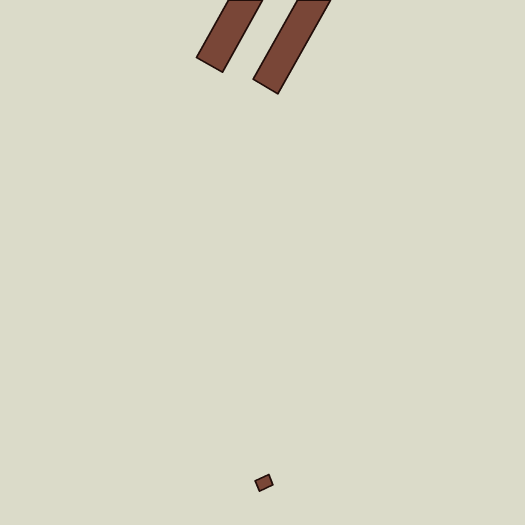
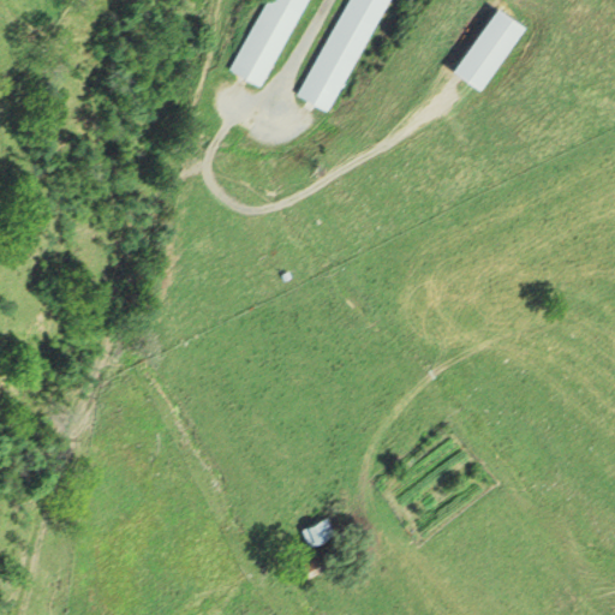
building: none -> [461,8,525,84]
building: none -> [299,518,333,547]

